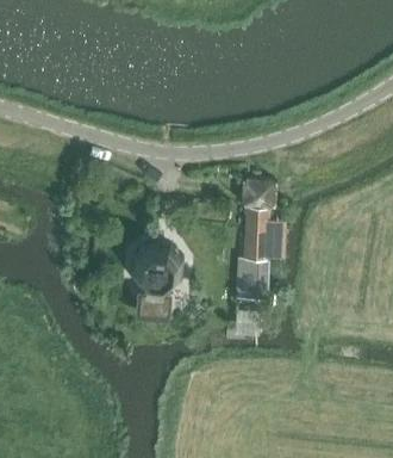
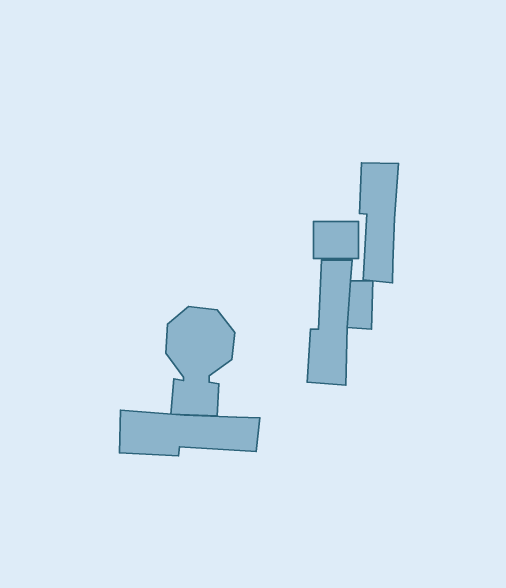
building: none -> [359,163,398,283]
building: none -> [119,410,260,456]

